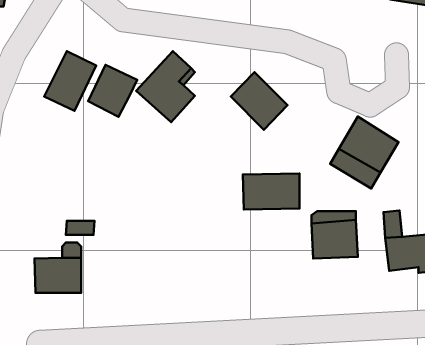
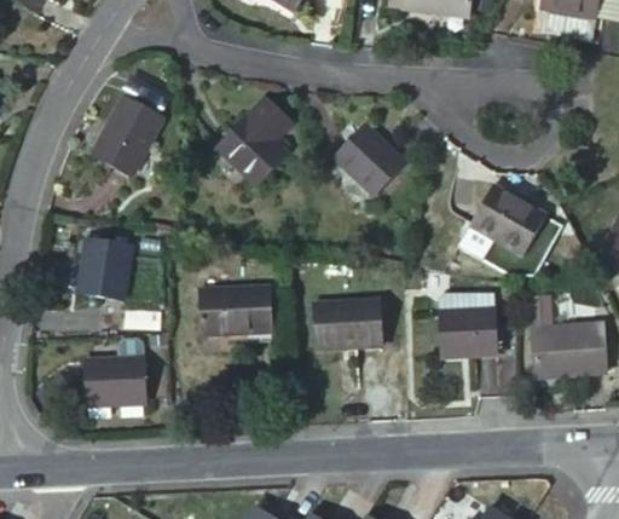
building: [88,65,137,117] -> none
building: none -> [74,237,129,301]
building: [243,173,300,209] -> [313,304,386,350]
building: none -> [196,287,272,339]

